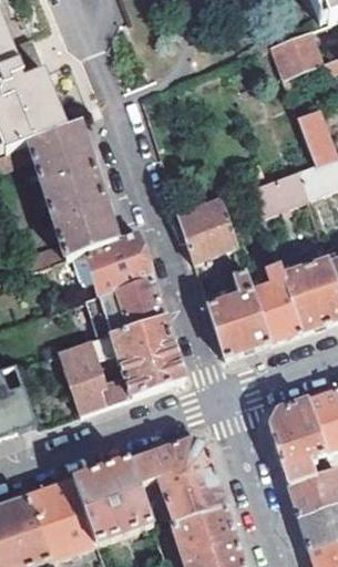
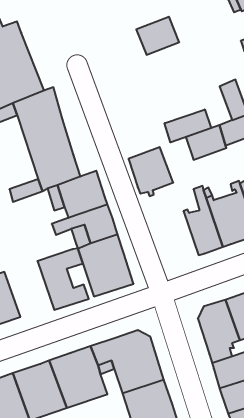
building: [267,29,324,79] -> [136,17,179,55]
building: none -> [165,109,211,142]
building: [208,272,270,355] -> none

